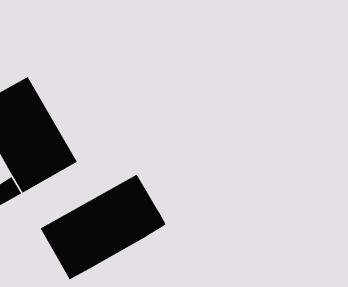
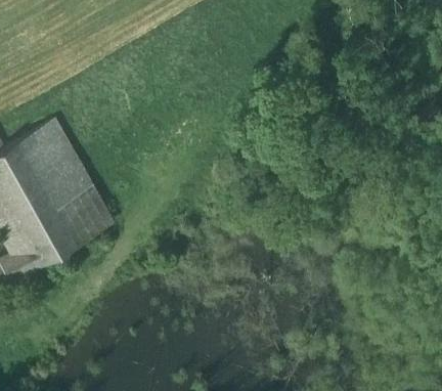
building: [40,174,166,280] -> none

